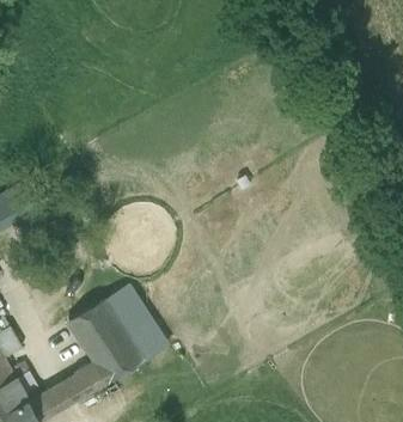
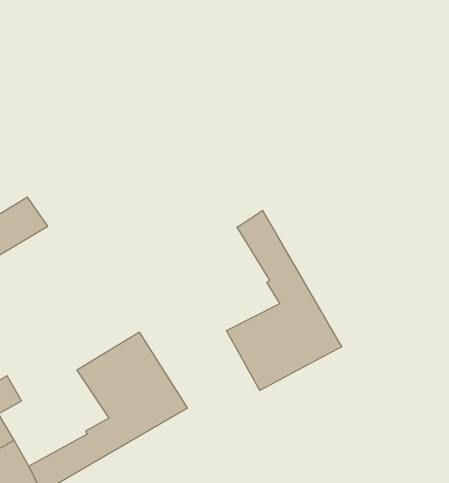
building: none -> [227,210,342,390]

